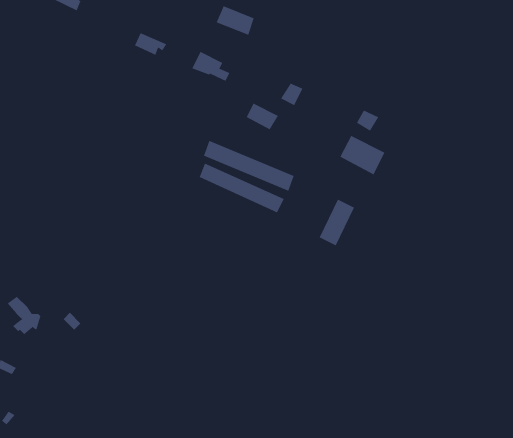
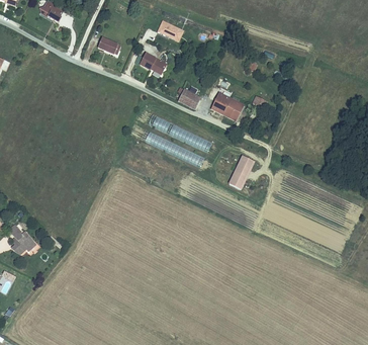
building: [340,135,385,175] -> [211,91,244,119]

